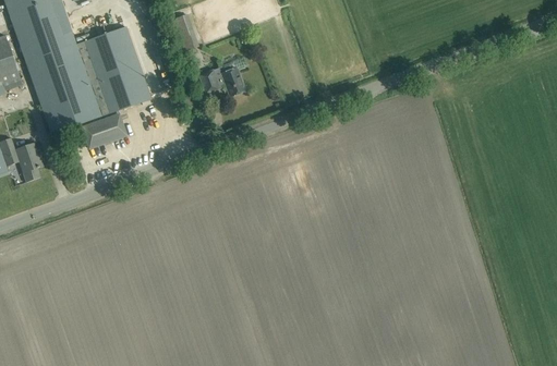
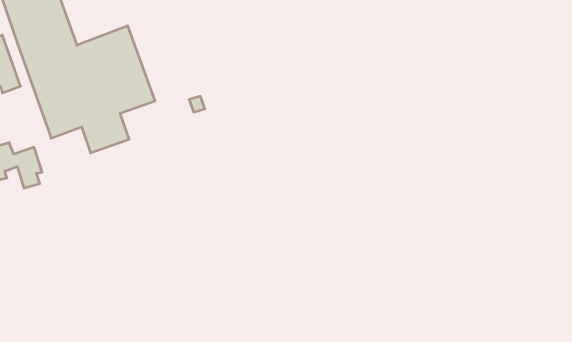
building: [173,14,197,50] -> none
building: [198,57,246,98] -> none

